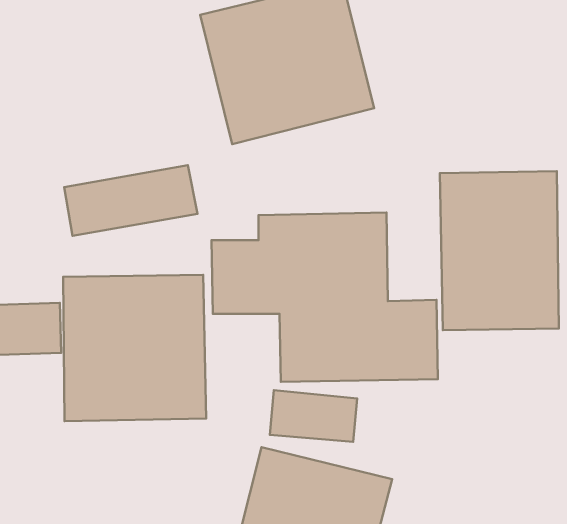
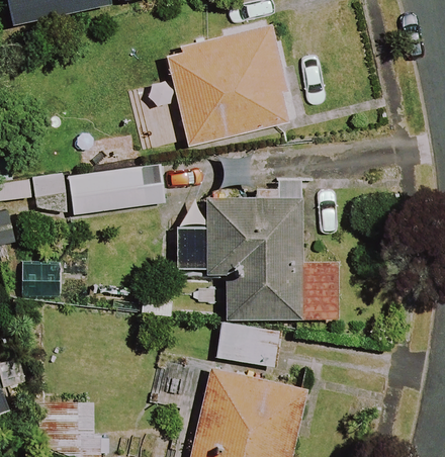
building: [440,171,559,330] -> none
building: [63,275,206,421] -> none

